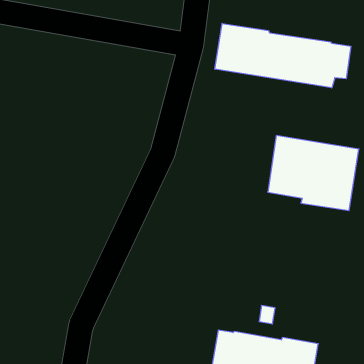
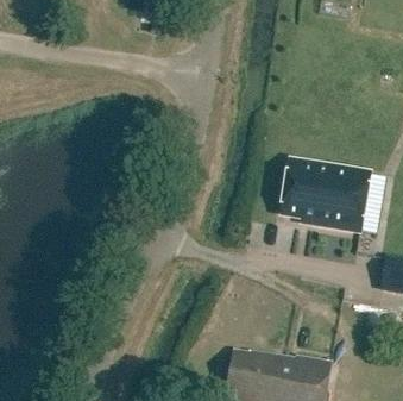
building: [215,23,351,88] -> none

